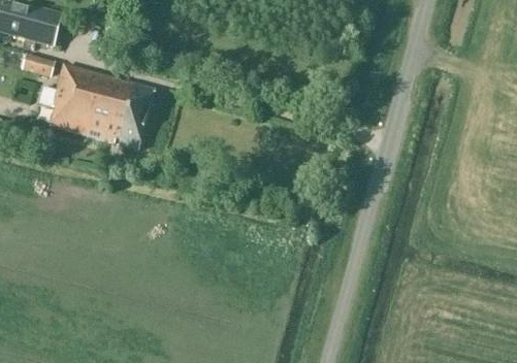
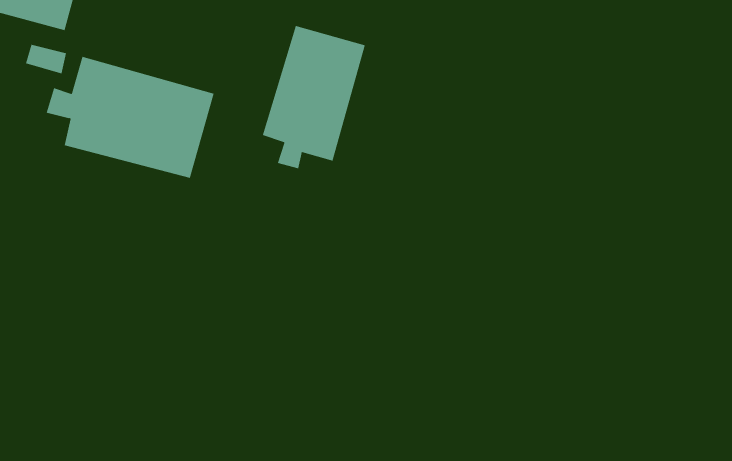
building: none -> [262,25,366,169]

